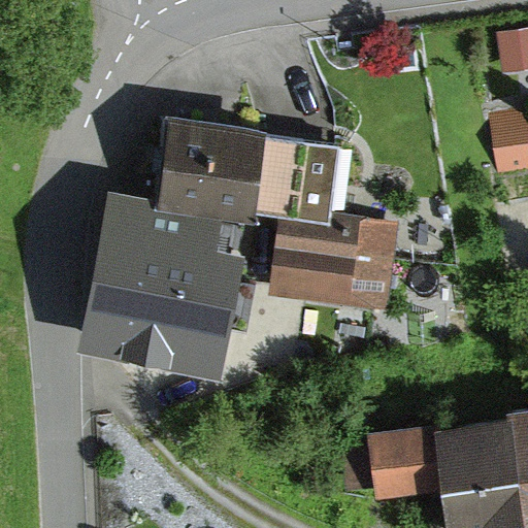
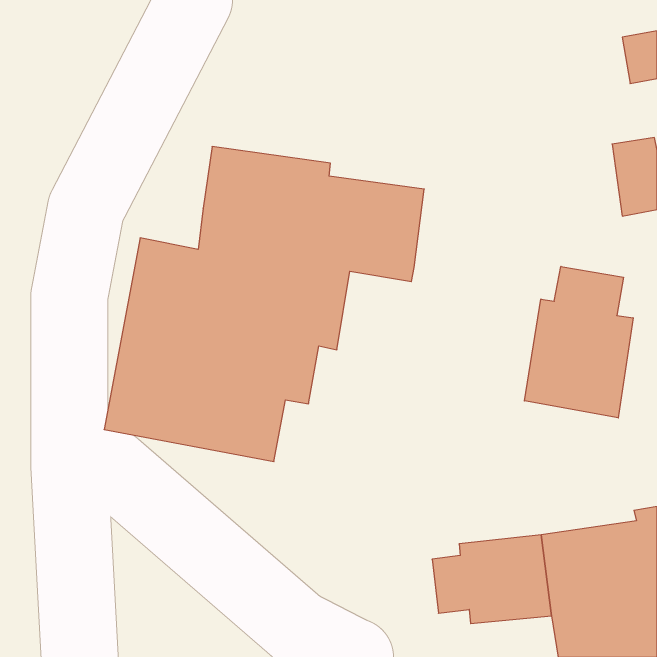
building: none -> [524,266,633,418]
building: [268,214,403,312] -> none

